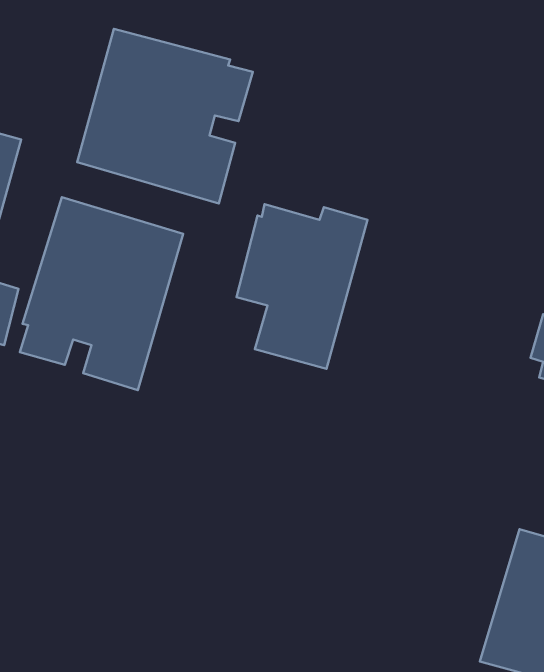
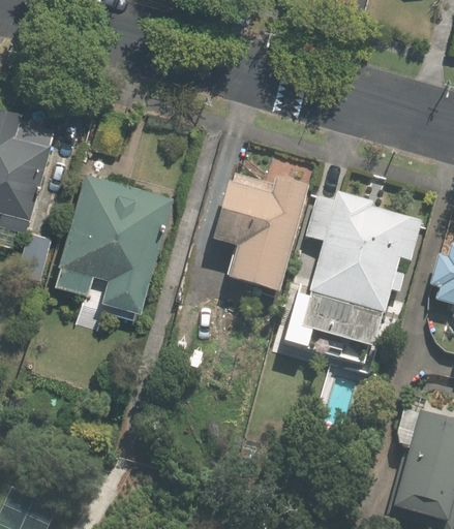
building: [77,29,253,203] -> none
building: none -> [300,193,422,350]

